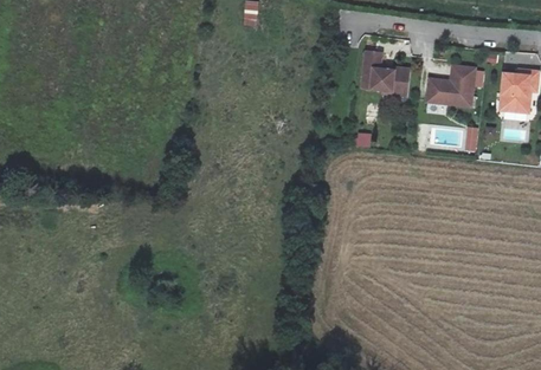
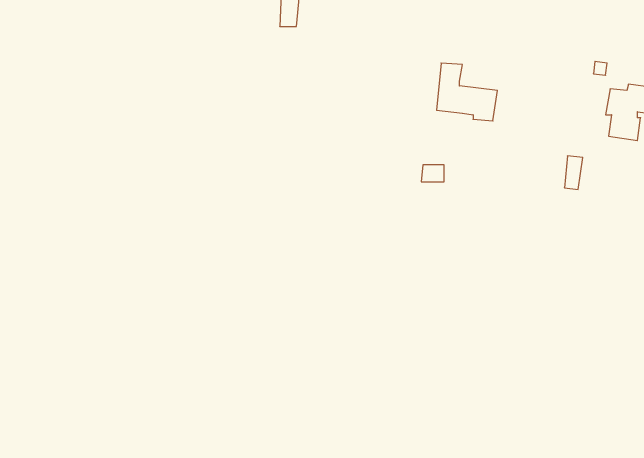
building: [427,66,476,106] -> none

